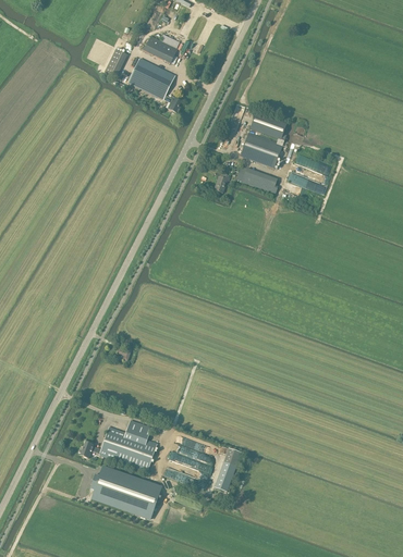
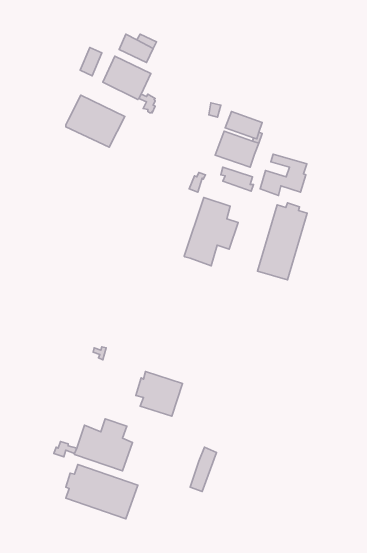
building: none -> [66,95,125,147]
building: none -> [184,198,238,266]
building: none -> [258,203,307,280]
building: [168,443,215,487] -> [136,371,183,416]

